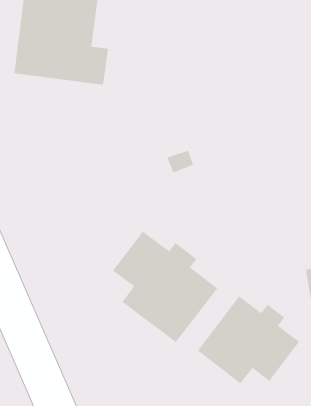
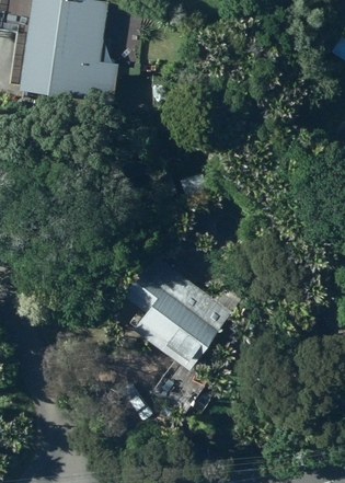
building: [197,296,300,384] -> none

